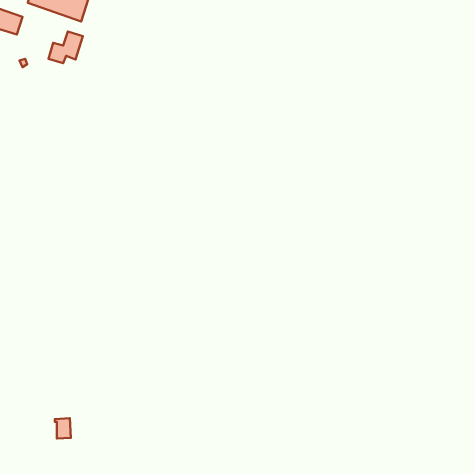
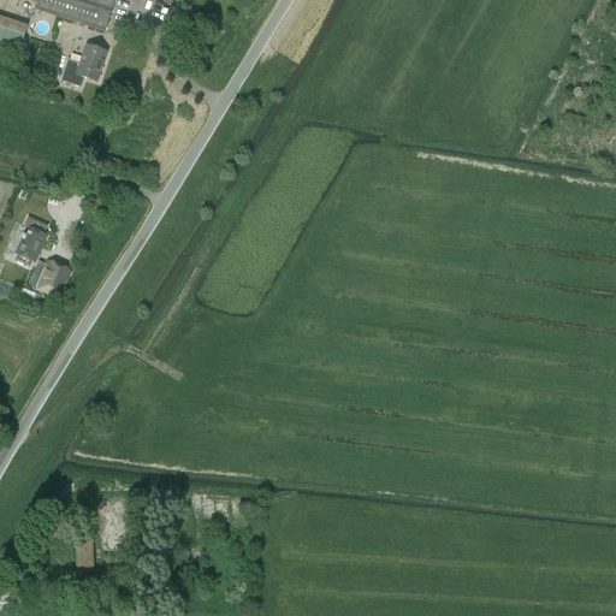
building: none -> [14,226,43,260]
building: none -> [34,261,69,296]

